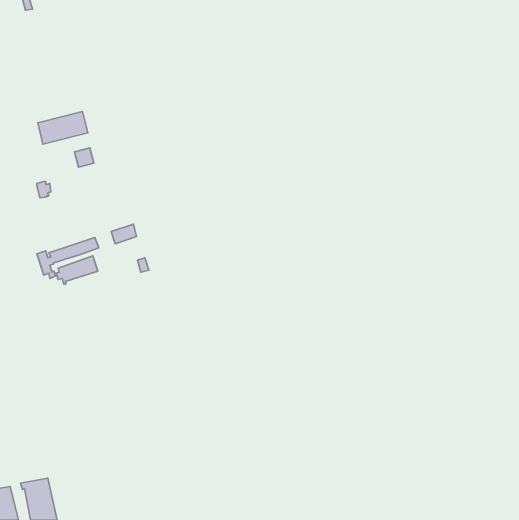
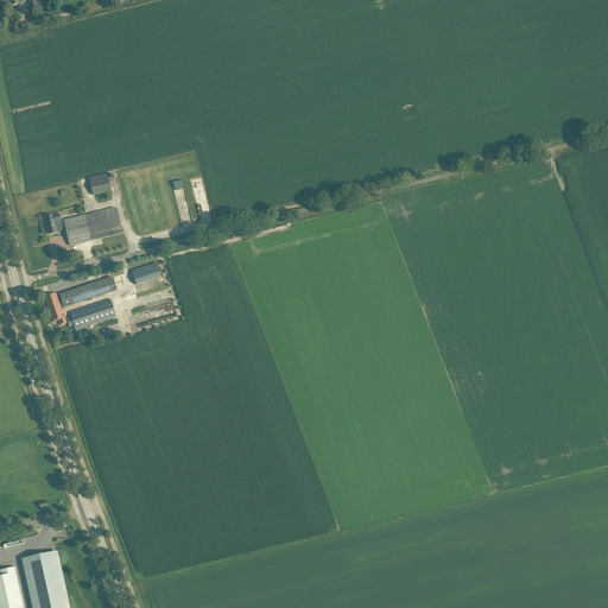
building: [38,112,88,144] -> [62,207,120,245]

